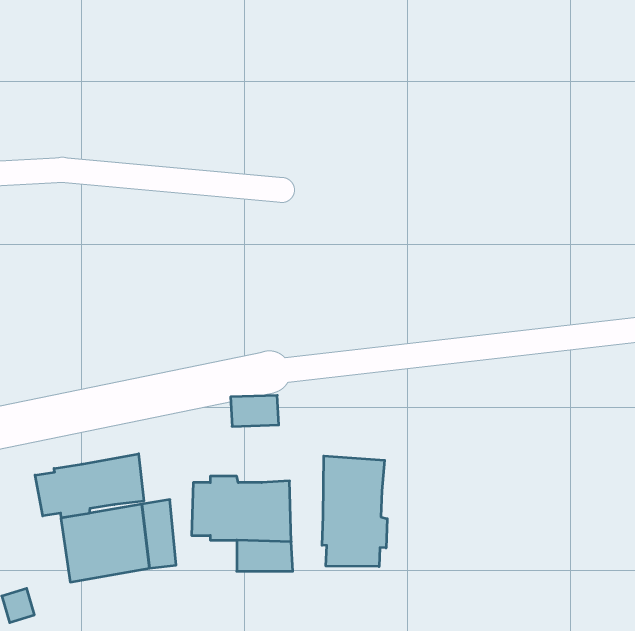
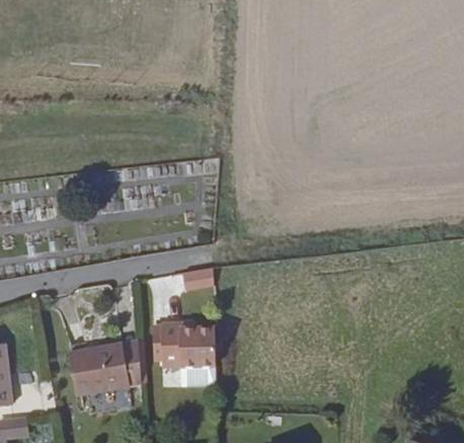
building: [35,454,144,518] -> none
building: [322,456,387,567] -> none

